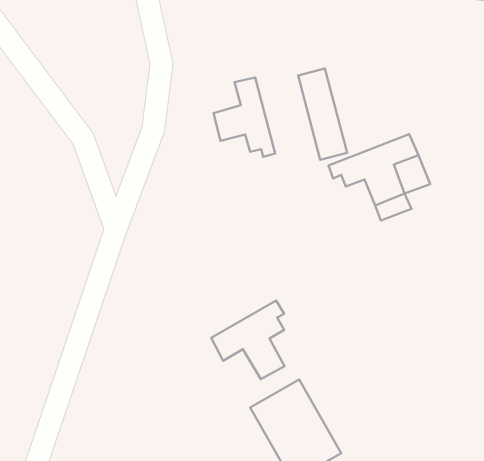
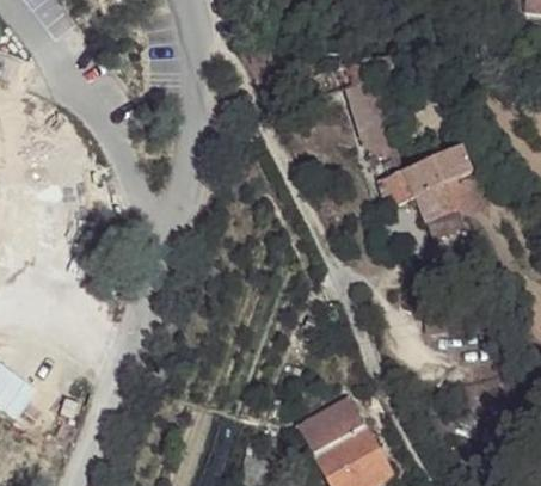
building: [214,78,275,157] -> none
building: [211,301,285,379] -> none

